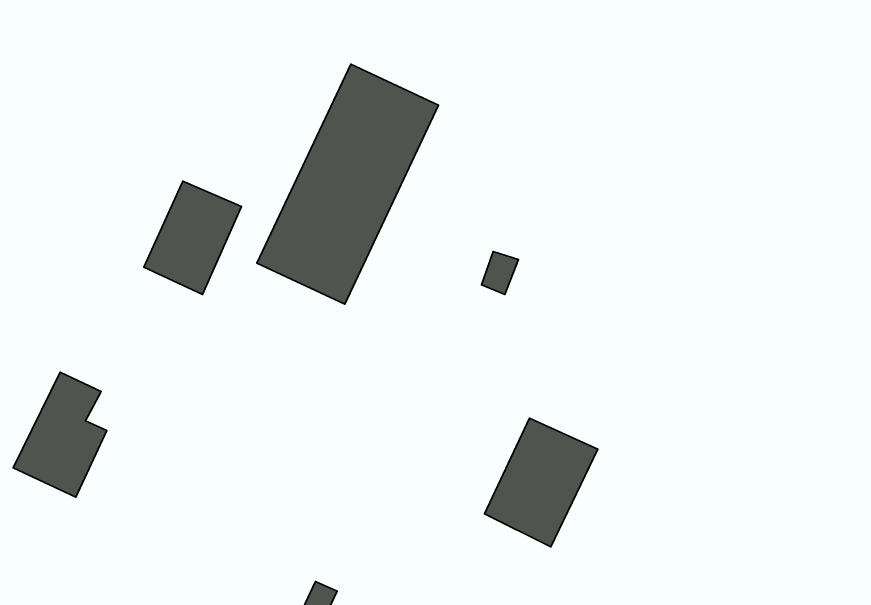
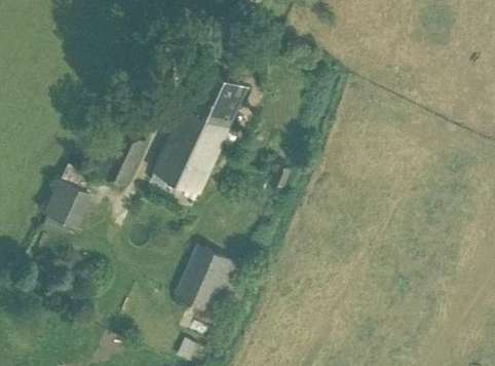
building: [13,372,107,497] -> [42,167,91,232]
building: [485,418,598,547] -> [173,248,232,316]

